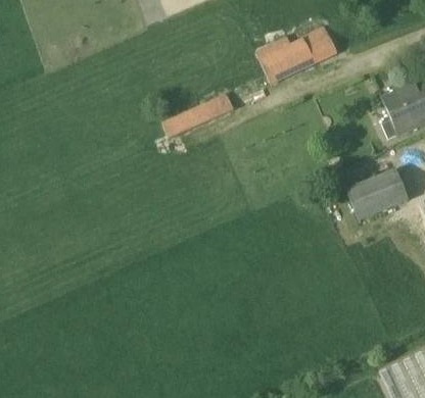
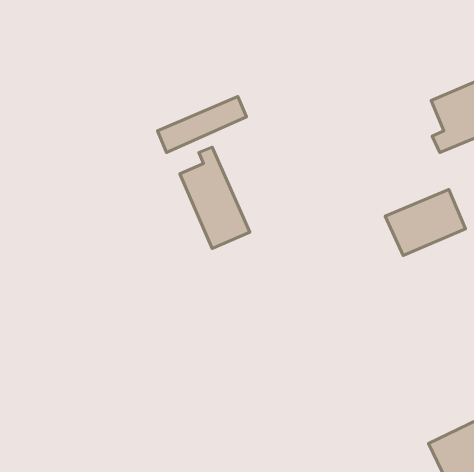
building: [254,24,336,84] -> none
building: none -> [180,147,250,249]

